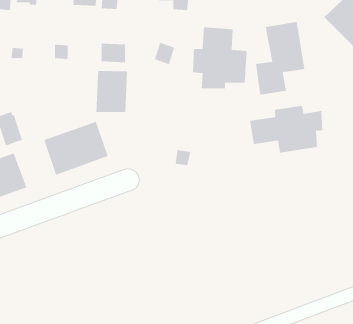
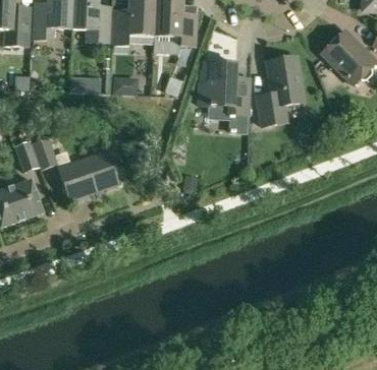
building: [96,70,128,113] -> none
building: [249,105,323,154] -> none
building: none -> [31,136,57,169]

